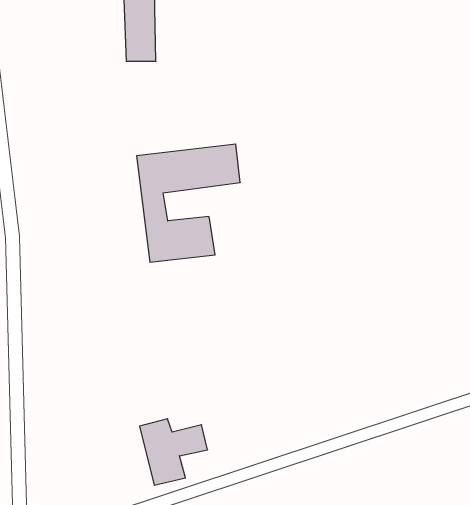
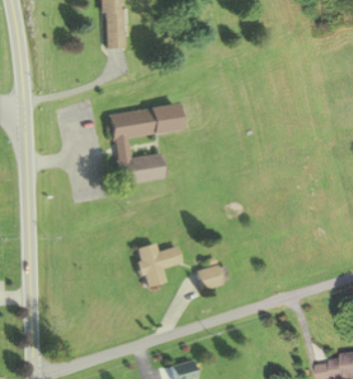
building: none -> [196,257,230,290]
building: [140,419,208,485] -> [135,242,182,287]

